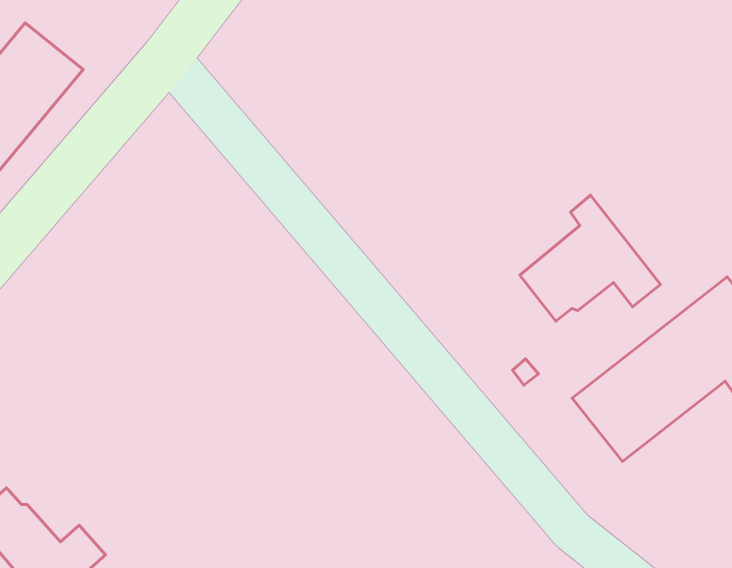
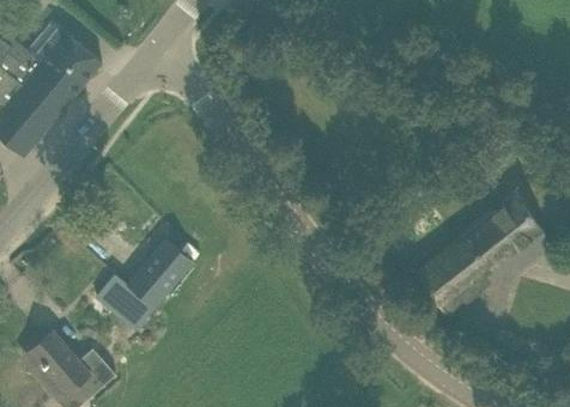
building: [520,195,661,321] -> none
building: none -> [96,231,199,329]

